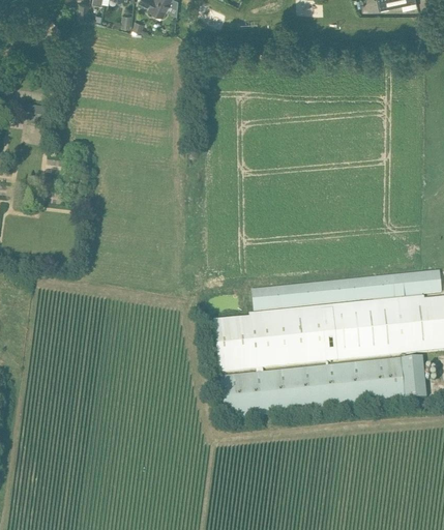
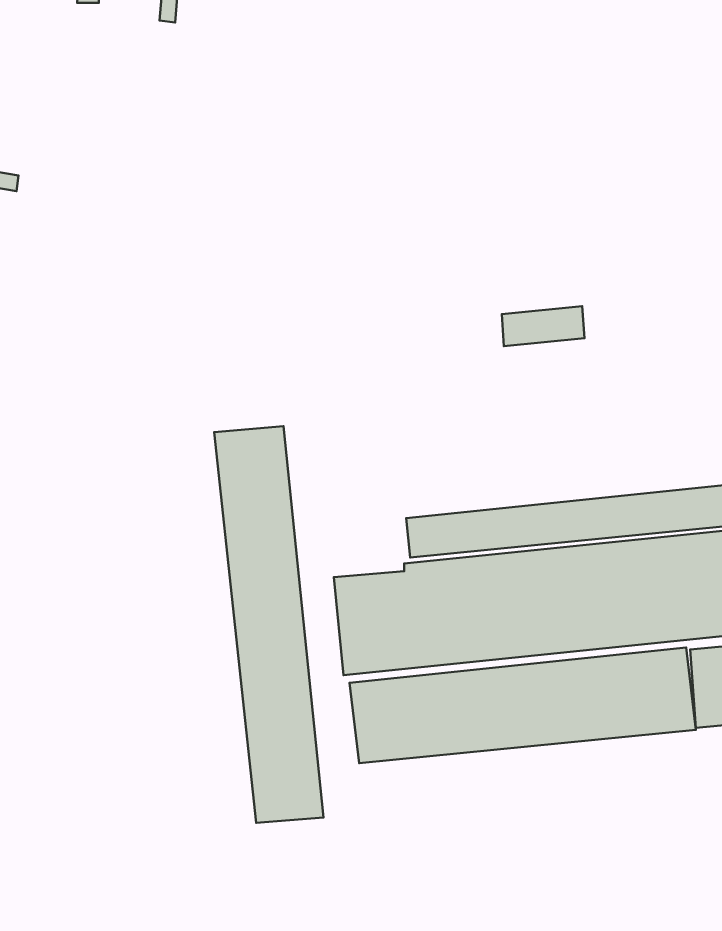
building: none -> [502,306,584,346]
building: none -> [214,426,324,823]

